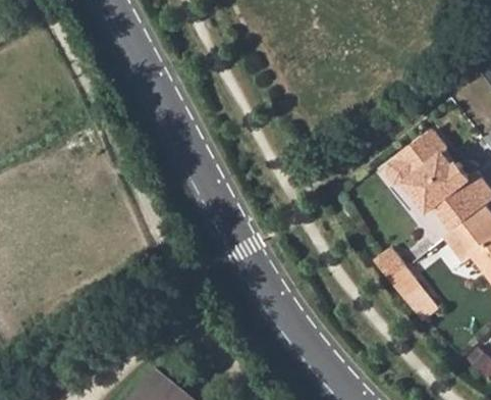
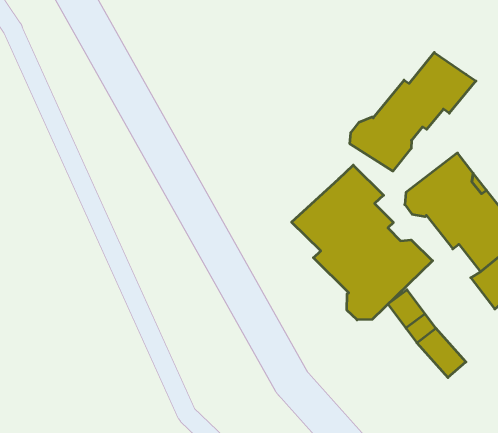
building: none -> [350,52,476,171]
building: none -> [292,165,433,320]

